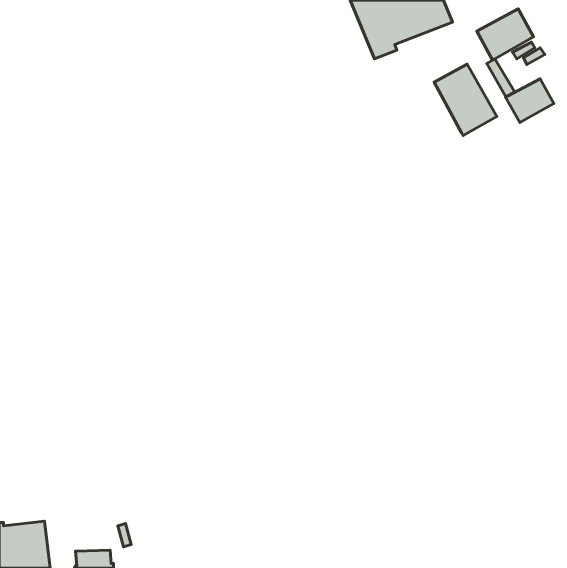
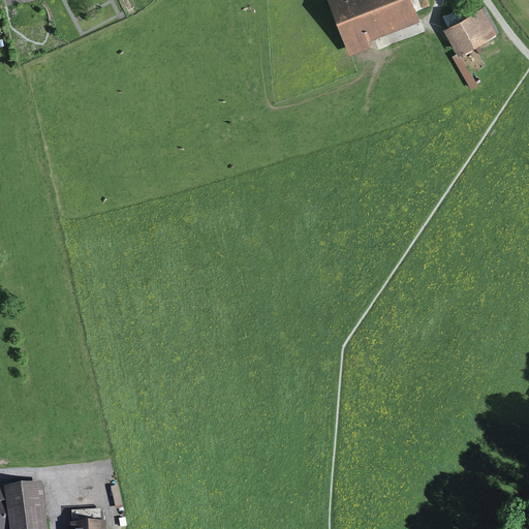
building: [434,64,497,136] -> none
building: [506,79,554,123] -> none

